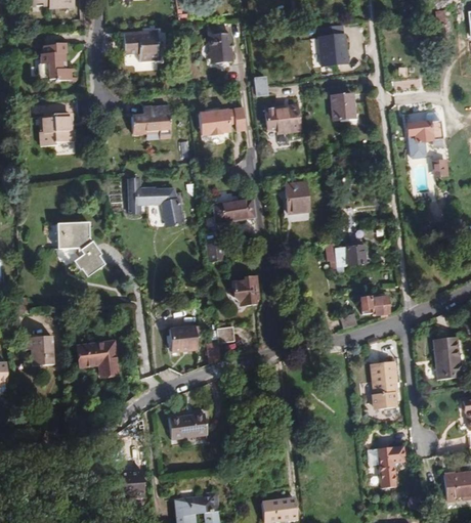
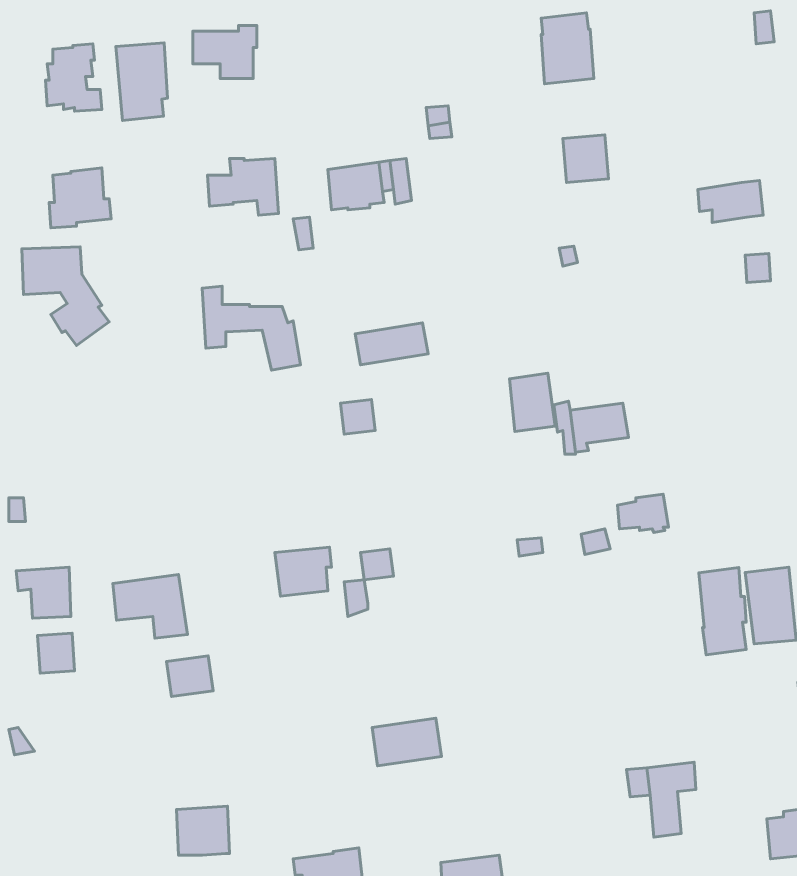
building: [206,23,233,61] -> none
building: none -> [116,43,167,120]
building: [263,104,299,133] -> none
building: [284,181,309,214] -> [509,373,555,432]
building: [56,221,105,276] -> [22,247,109,345]
building: [231,274,259,305] -> none
building: [370,360,396,409] -> [699,567,746,655]
building: none -> [38,633,75,673]
building: none -> [166,656,213,696]
building: [168,412,207,439] -> [372,718,441,766]

